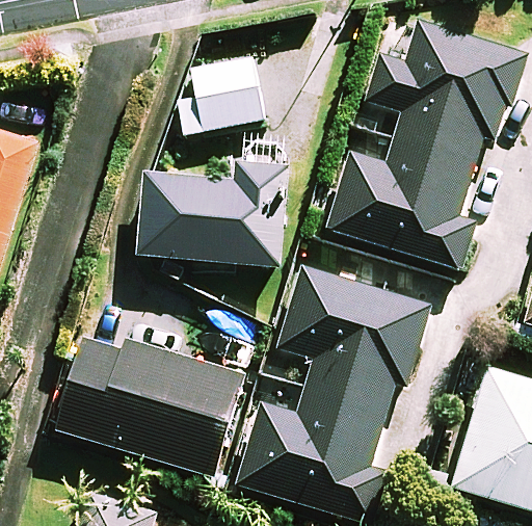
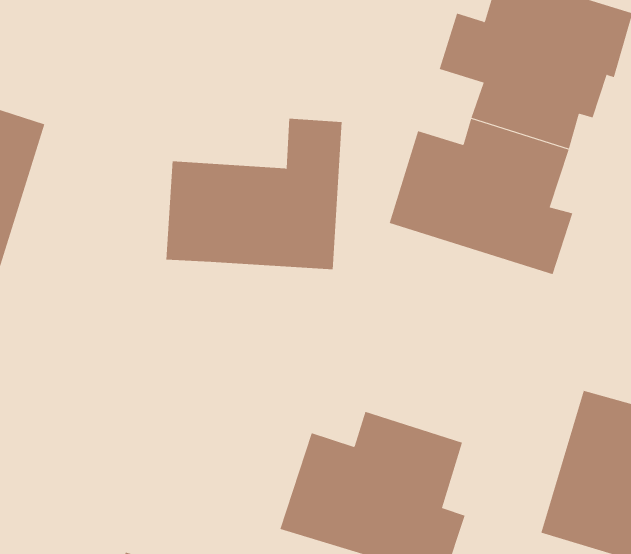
building: [176,57,262,131] -> none
building: [275,263,430,410] -> none
building: [56,339,242,476] -> none

